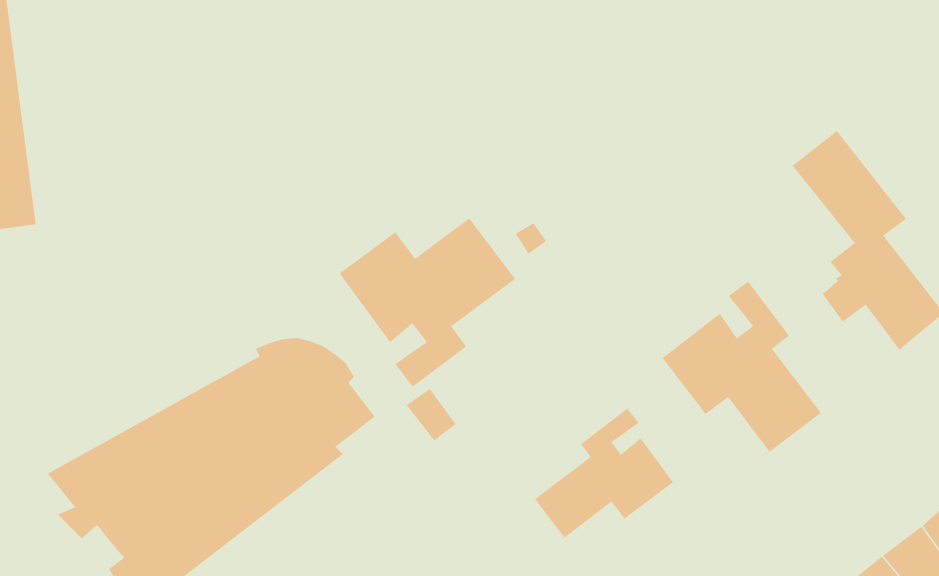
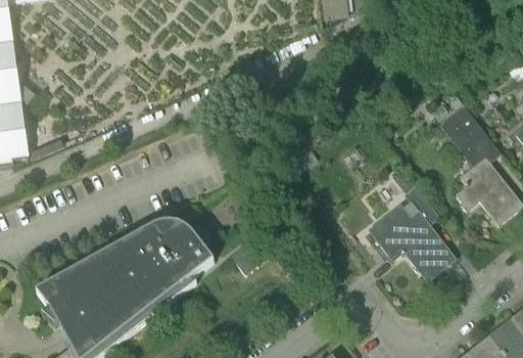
building: [339,217,516,387] -> none
building: [534,408,674,538] -> none

